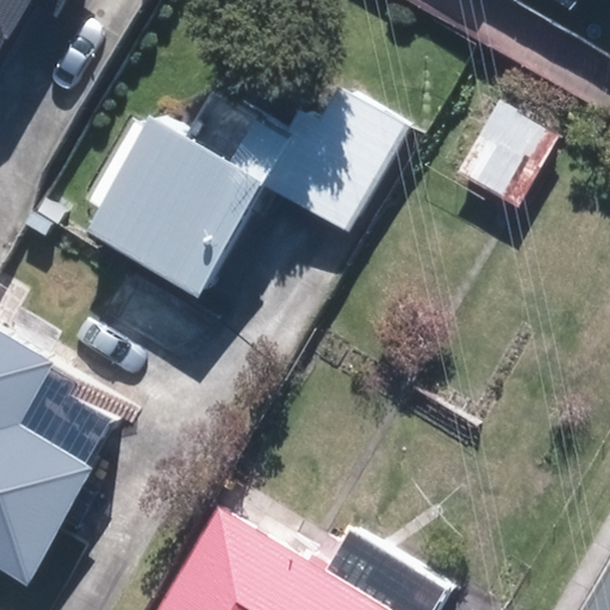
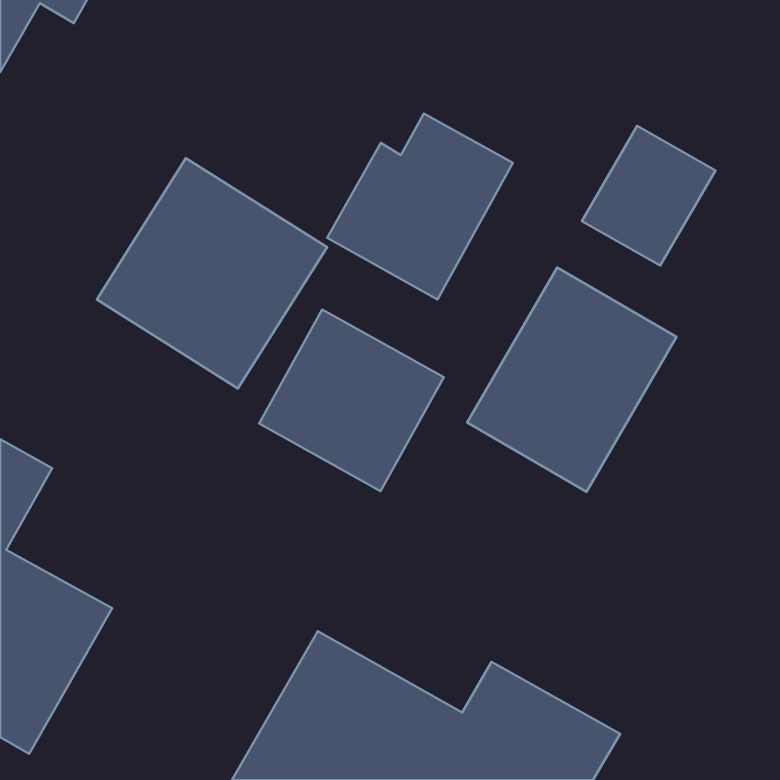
building: none -> [467,268,676,492]
building: none -> [259,310,444,491]

